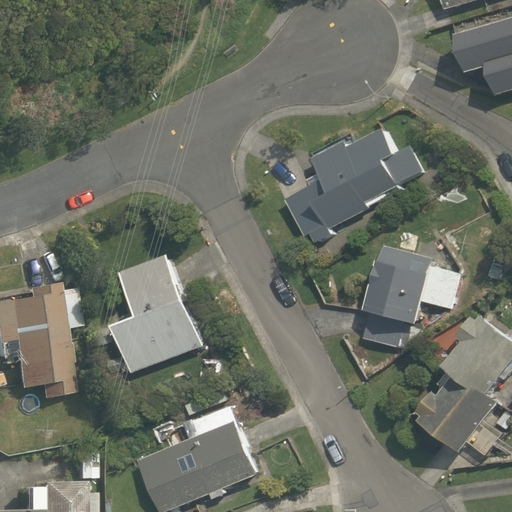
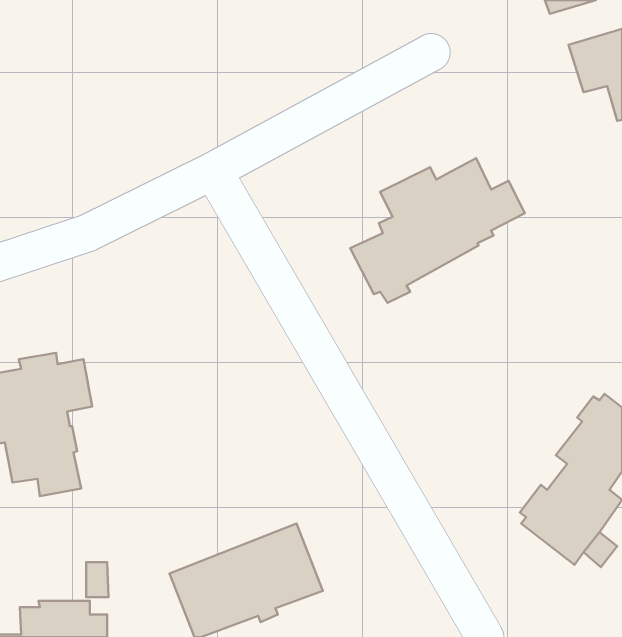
building: [359,246,429,347] -> none
building: [112,253,203,373] -> none

